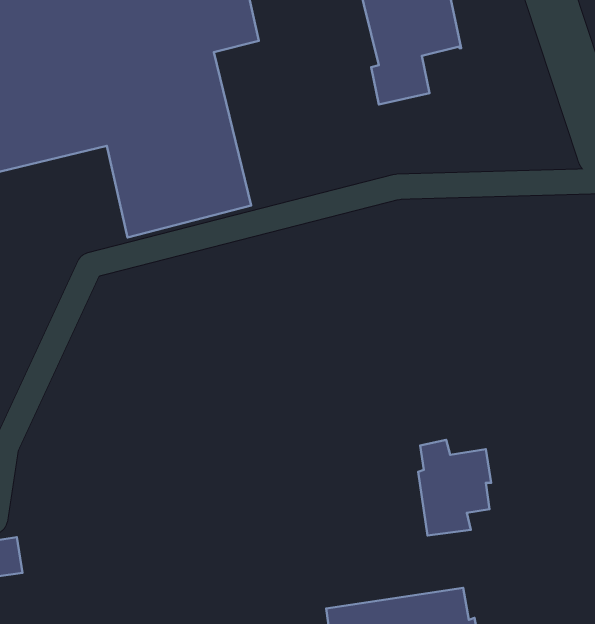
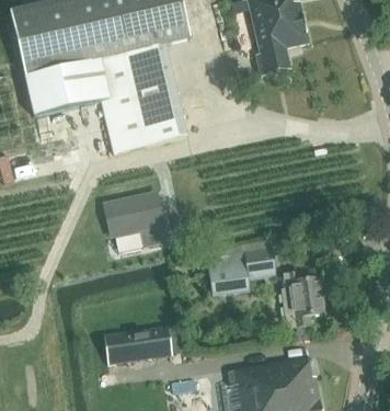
building: none -> [105,192,168,244]
building: none -> [208,248,276,295]
building: none -> [105,326,173,363]

